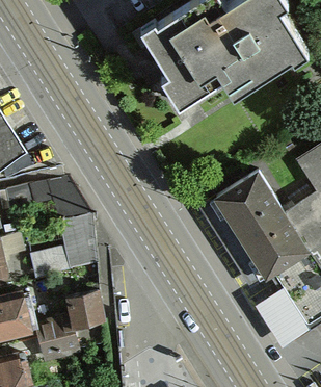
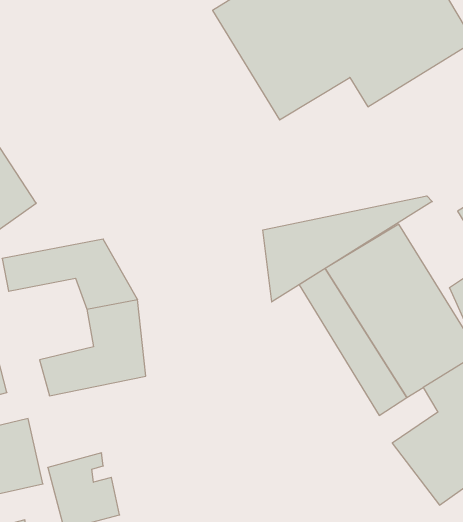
building: none -> [263,196,432,302]
building: [63,290,107,333] -> none

